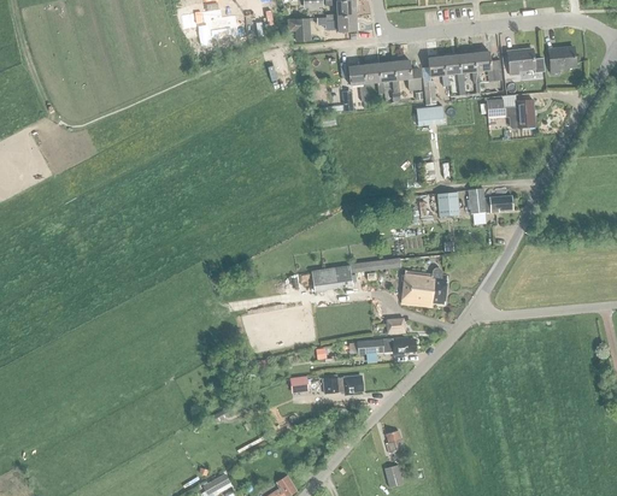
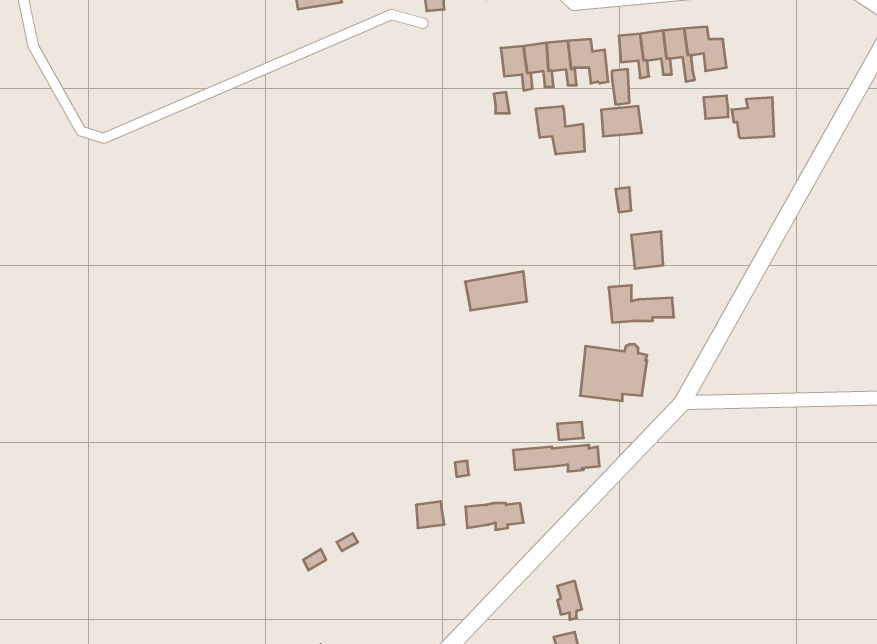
building: [548,46,575,72] -> none
building: [507,48,545,73] -> none
building: none -> [536,106,585,154]
building: [468,187,512,212] -> [609,285,674,322]
building: [310,264,352,290] -> [465,271,527,310]

